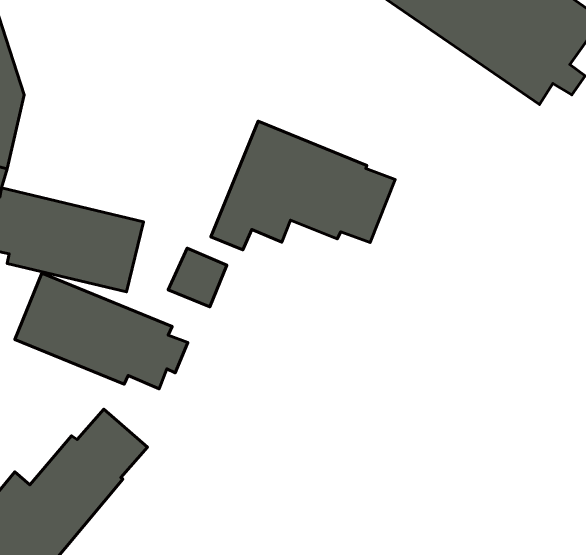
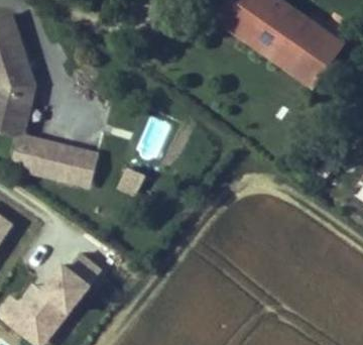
building: [211,121,395,250] -> none
building: [15,273,188,389] -> none

